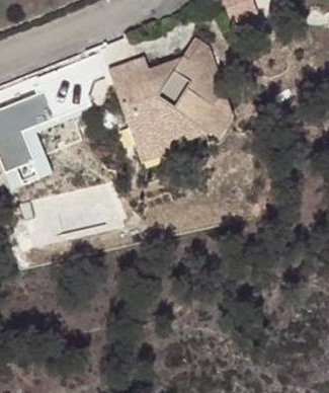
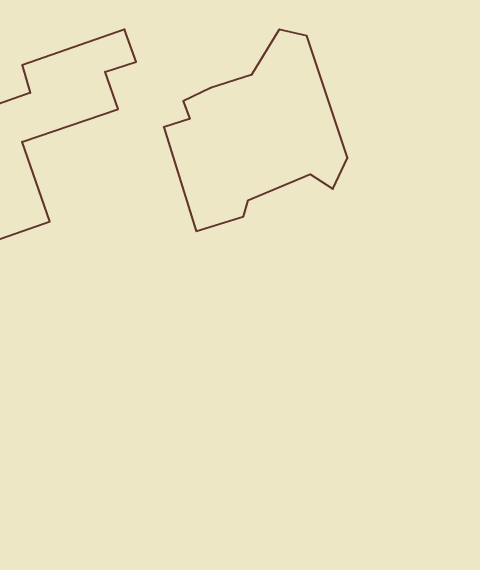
building: [111,59,150,102] -> none

